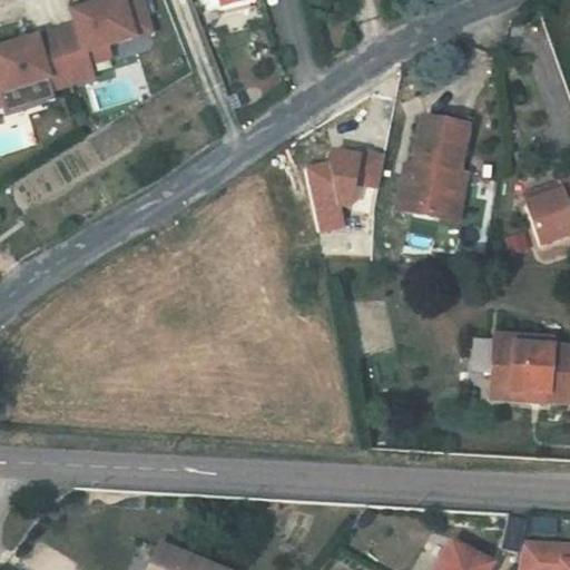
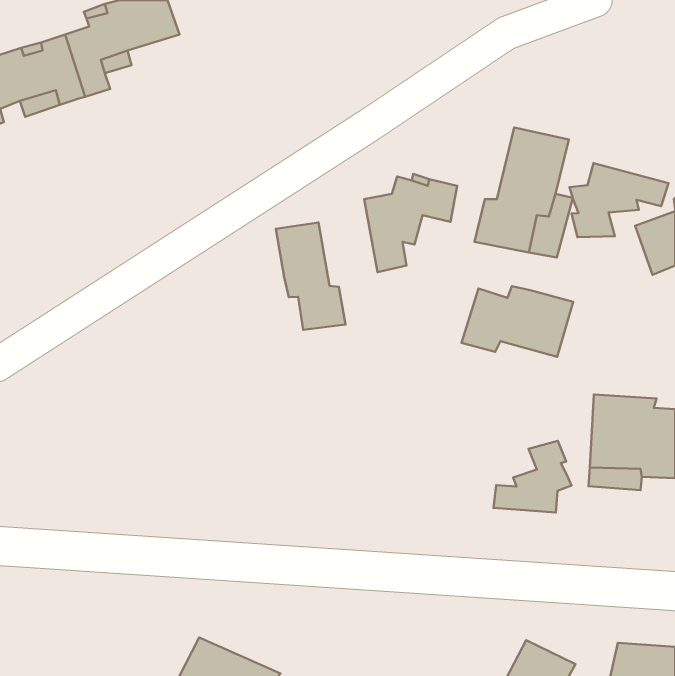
building: none -> [569,163,669,237]
building: none -> [276,222,346,330]
building: none -> [462,286,573,357]
building: none -> [493,441,572,512]

